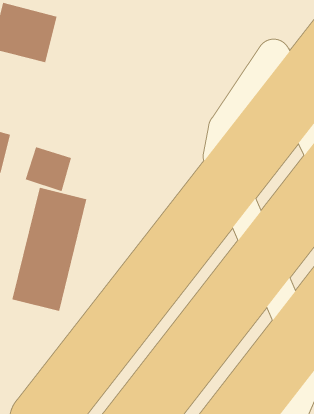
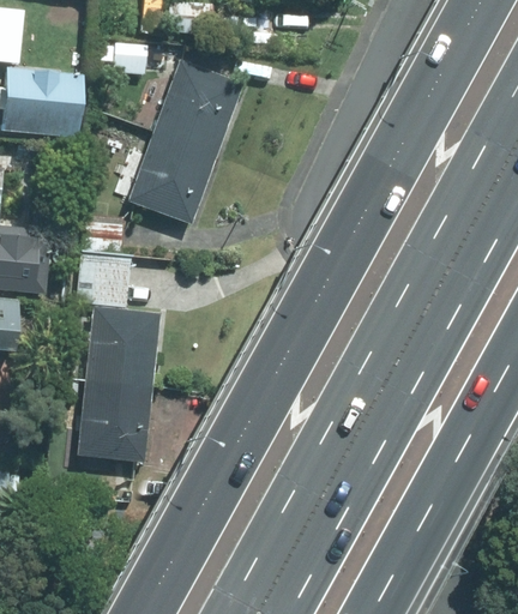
building: none -> [127,62,243,223]

